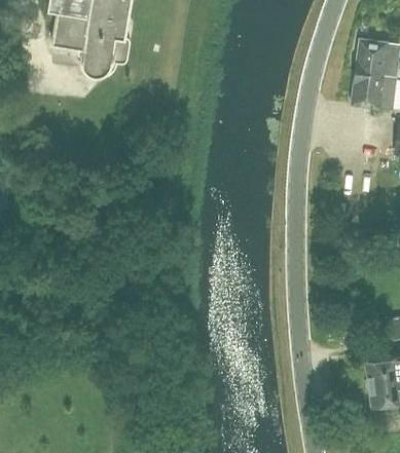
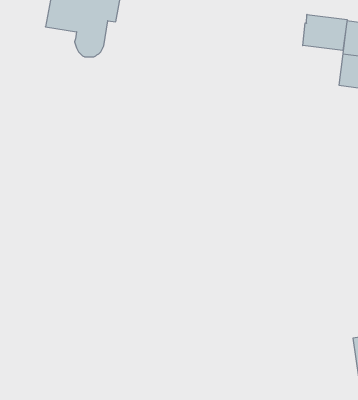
building: none -> [303,14,347,51]

